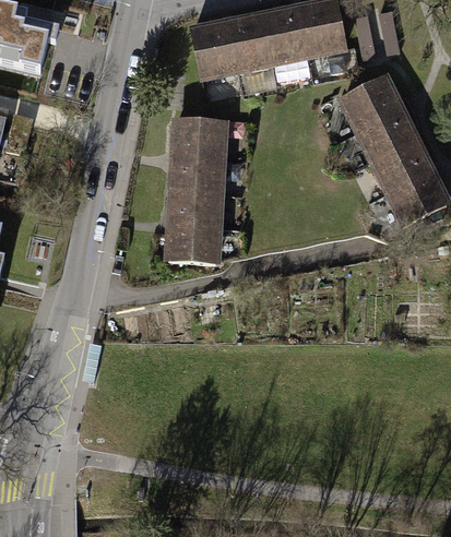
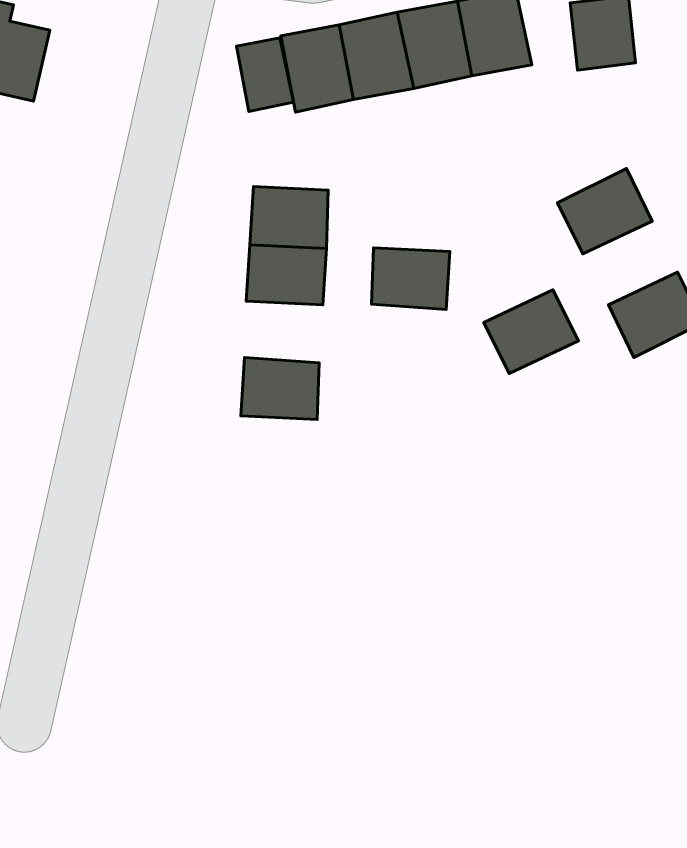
building: none -> [236,38,294,112]
building: [341,79,397,130] -> none
building: [371,141,428,191] -> [484,290,578,373]
building: [168,189,215,226] -> [372,248,450,310]

